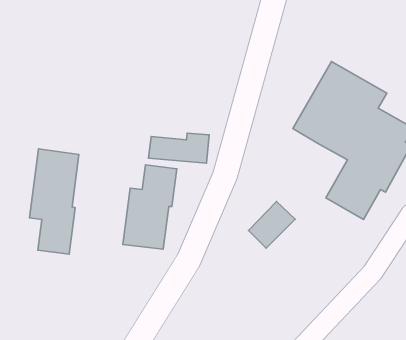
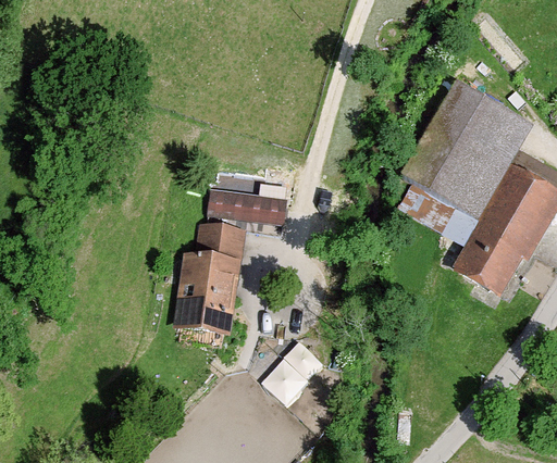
building: [30,149,79,254] -> none
building: [248,201,295,248] -> [269,331,332,395]

